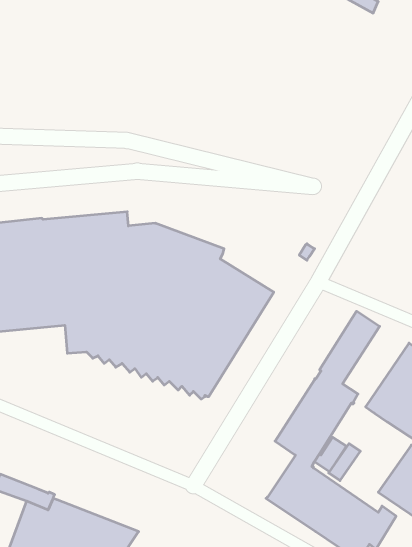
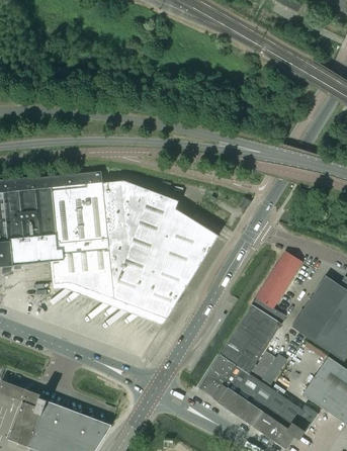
building: none -> [198,354,236,398]

